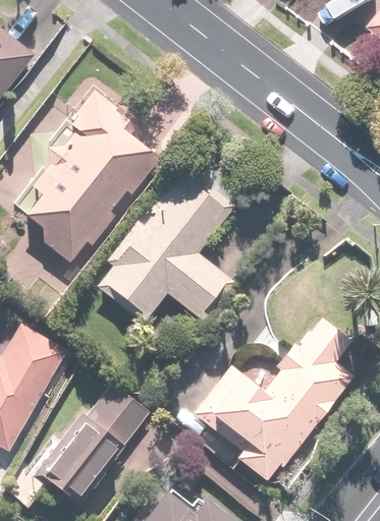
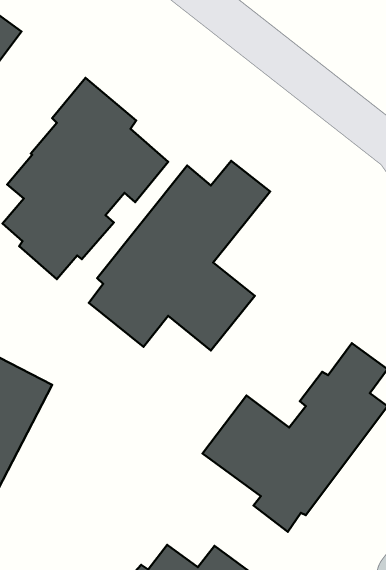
building: [34,383,150,501] -> none

